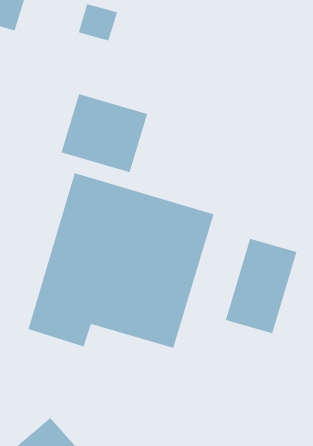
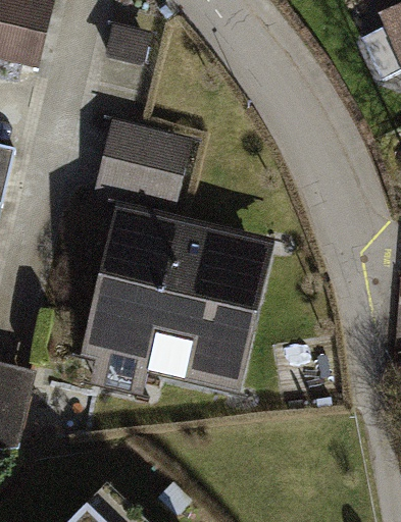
building: [225,238,298,334] -> none

